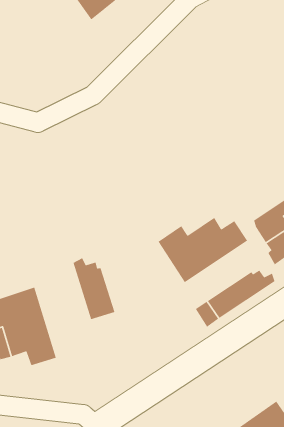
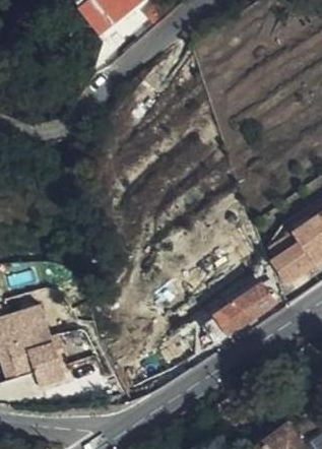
building: [158,217,248,283] -> none
building: [73,257,115,320] -> none

